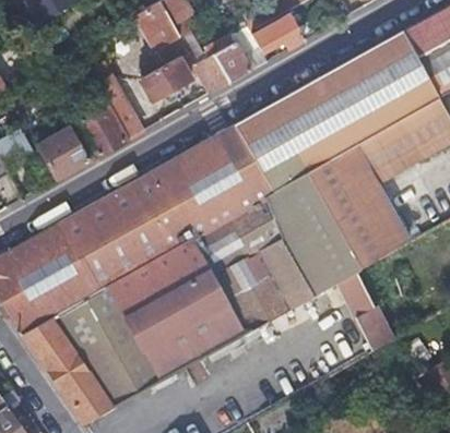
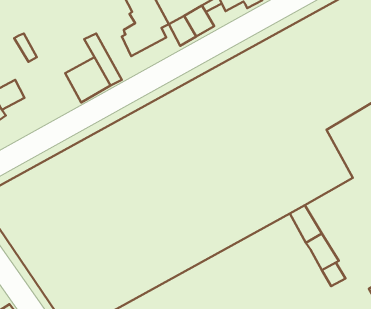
building: [37,125,88,179] -> none

